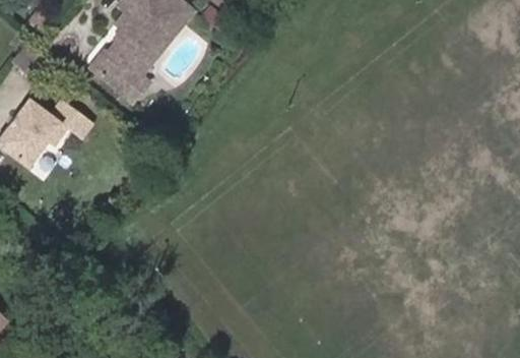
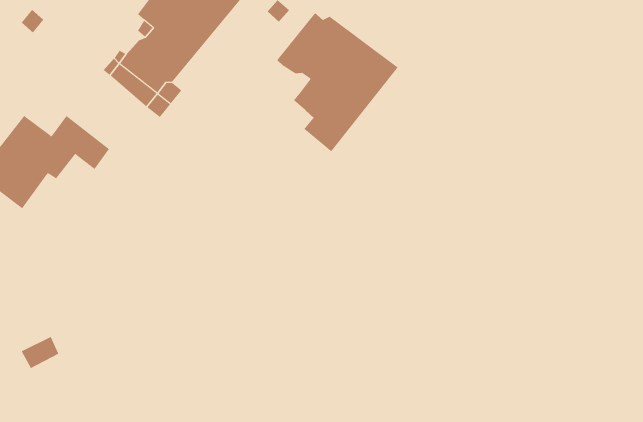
building: none -> [277,12,399,152]

